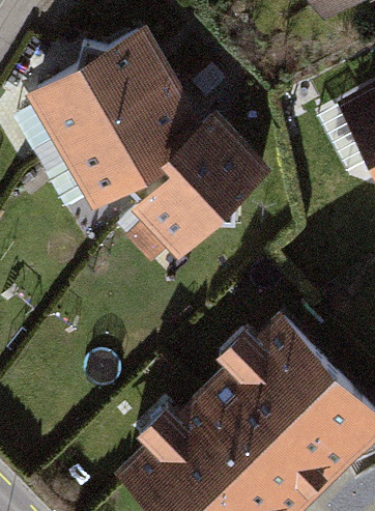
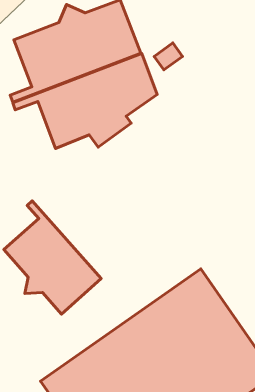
building: [110,113,268,258] -> none
building: none -> [4,201,101,314]

